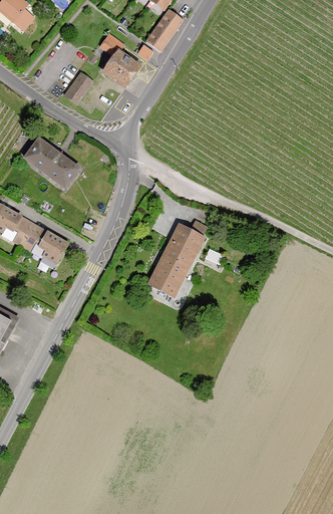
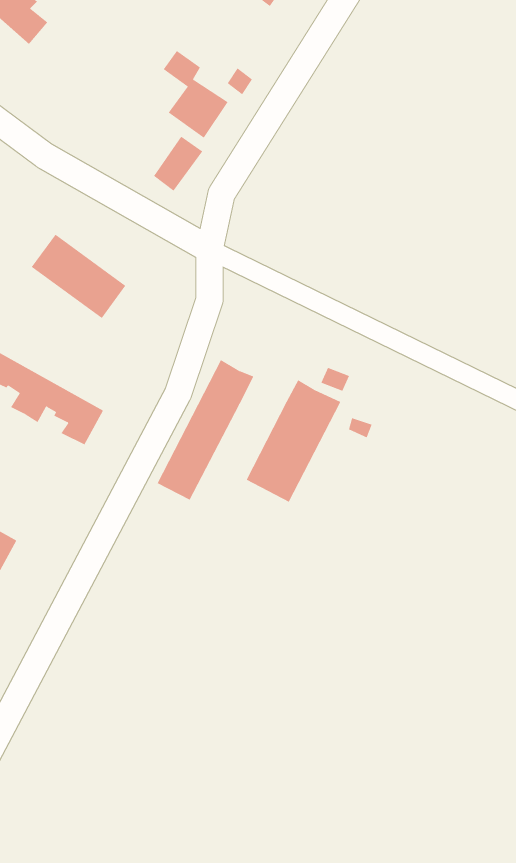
building: [147,9,183,49] -> none
building: [64,71,93,103] -> [153,136,203,191]
building: none -> [157,359,254,500]

